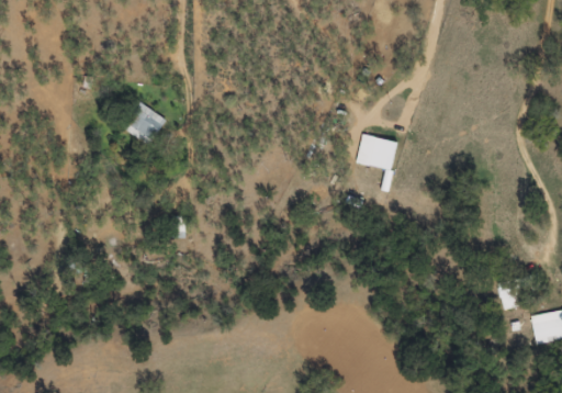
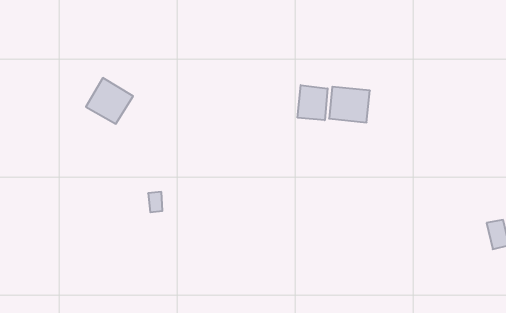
building: none -> [298,85,328,120]

